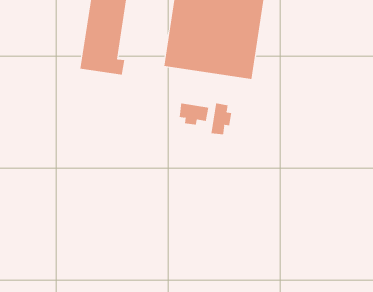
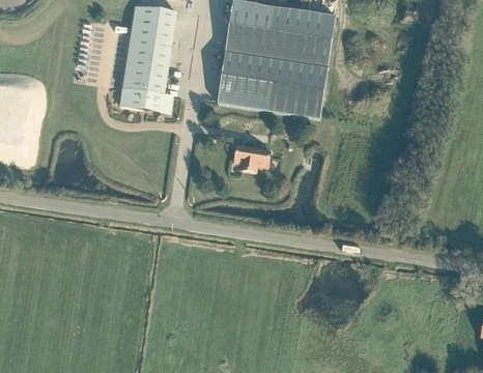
building: [211,103,232,135] -> none

